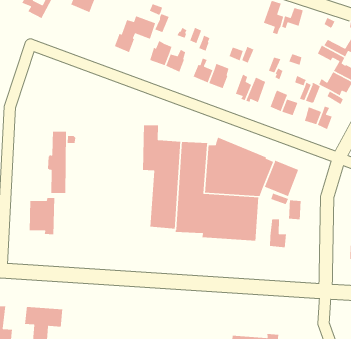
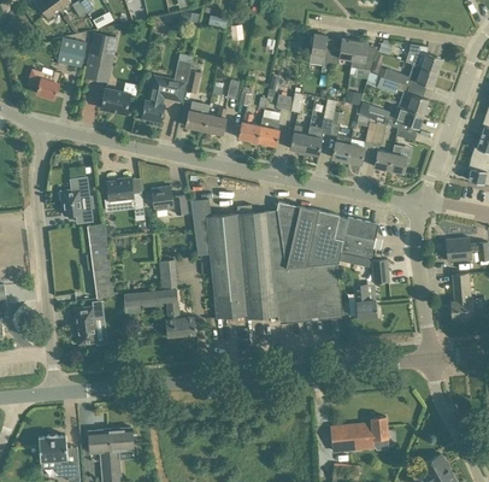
building: none -> [348,40,375,76]
building: none -> [100,89,129,114]
building: none -> [60,177,94,225]
building: none -> [104,177,142,212]
building: none -> [149,187,187,217]
building: none -> [123,260,194,336]

